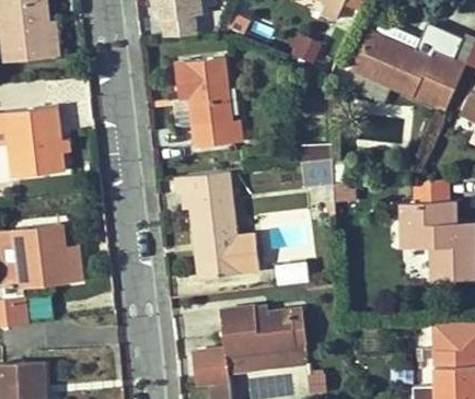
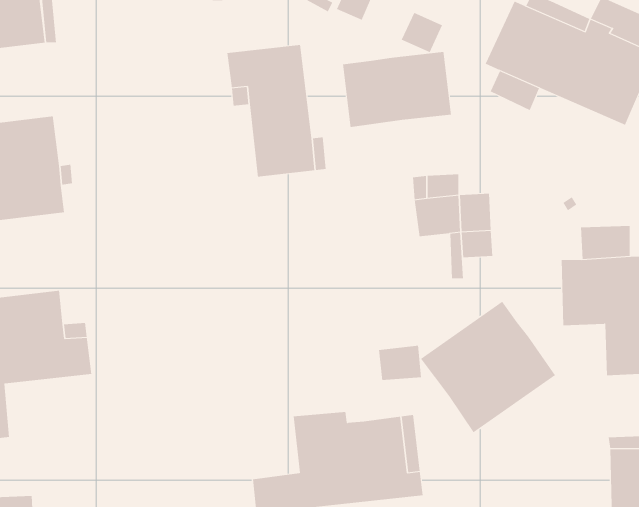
building: none -> [342,51,451,128]
building: [176,171,259,279] -> none
building: none -> [420,301,556,433]

